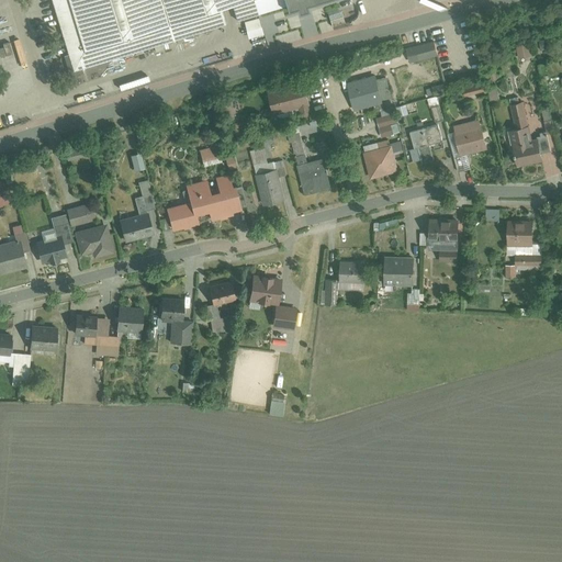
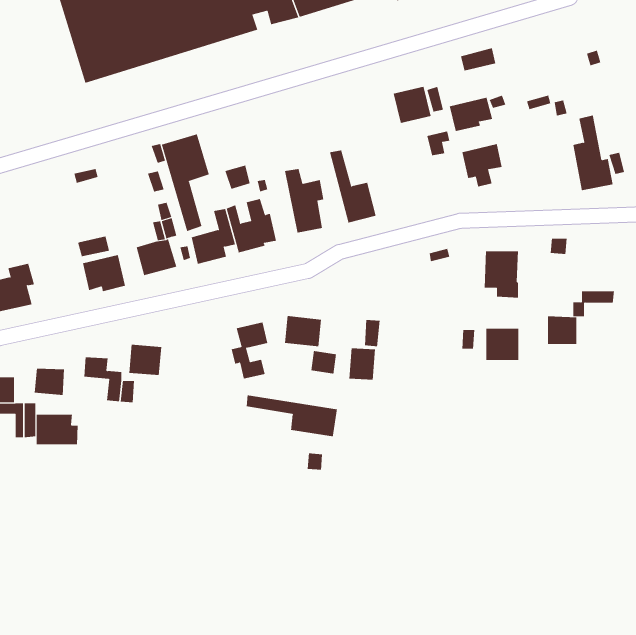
building: [266,81,306,114] -> none
building: none -> [449,97,493,132]
building: none -> [161,133,210,232]
building: [453,120,485,155] -> none
building: [362,142,397,176] -> none
building: [37,214,70,267] -> none
building: [506,222,532,247] -> [547,316,577,345]
building: [381,256,411,284] -> [486,328,519,361]
building: [338,261,362,290] -> [349,348,376,380]
building: [159,297,192,342] -> none
building: none -> [246,395,338,437]
building: none -> [36,414,78,445]

